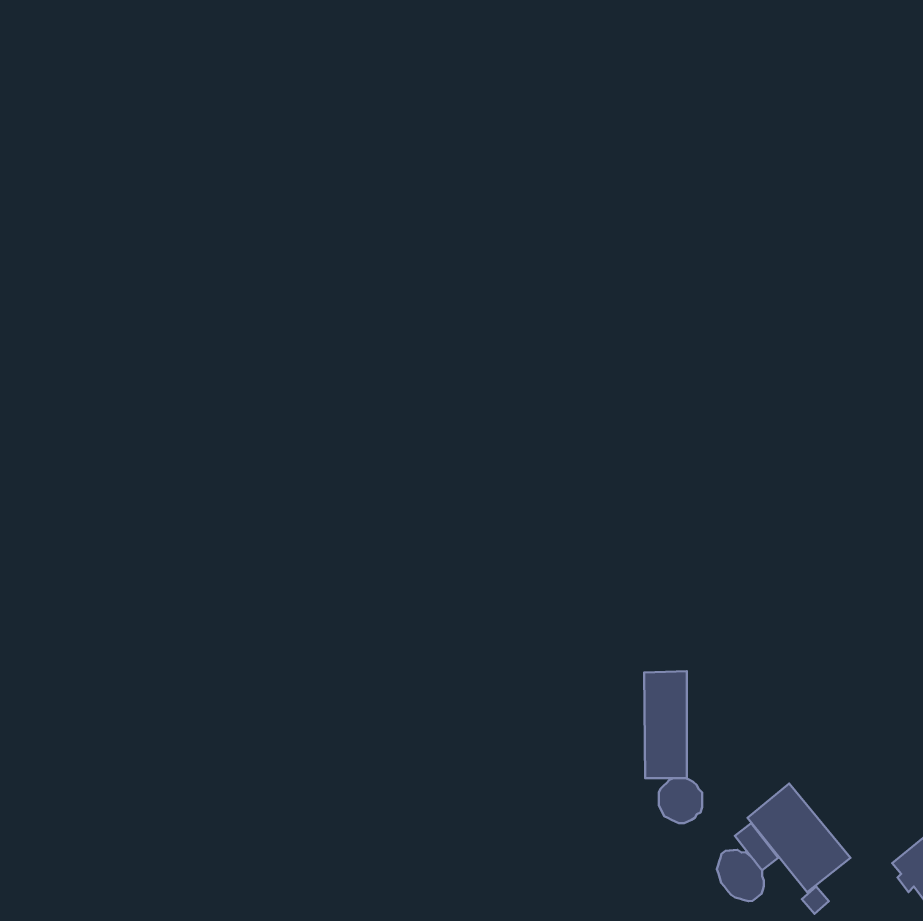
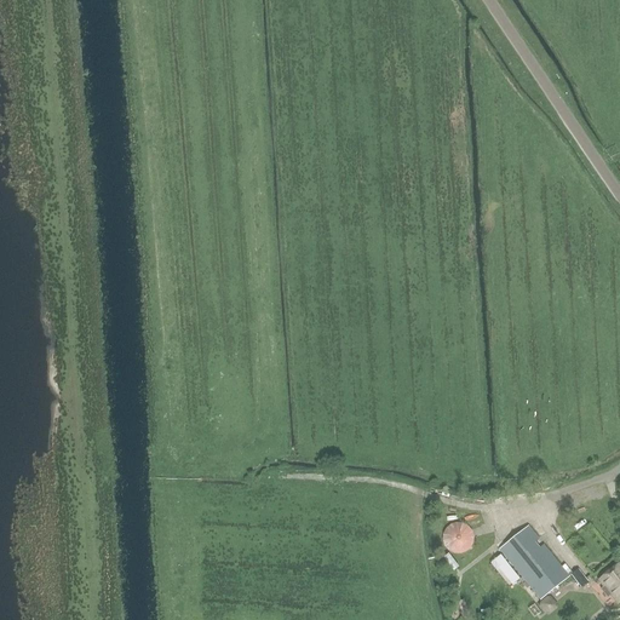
building: [644,671,687,778] -> none
building: [717,850,764,901] -> none

